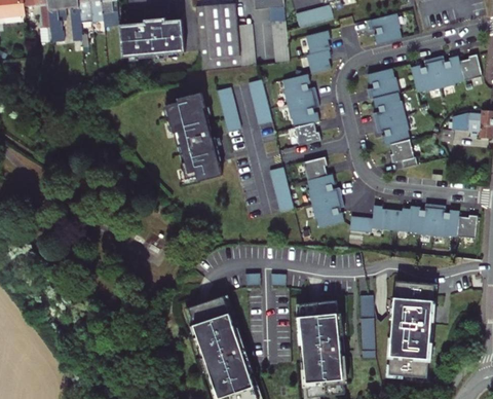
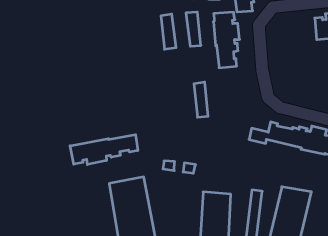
building: [366,68,415,169] -> none
building: [166,90,222,178] -> none
building: [303,156,345,228] -> none
building: none -> [70,135,138,165]

